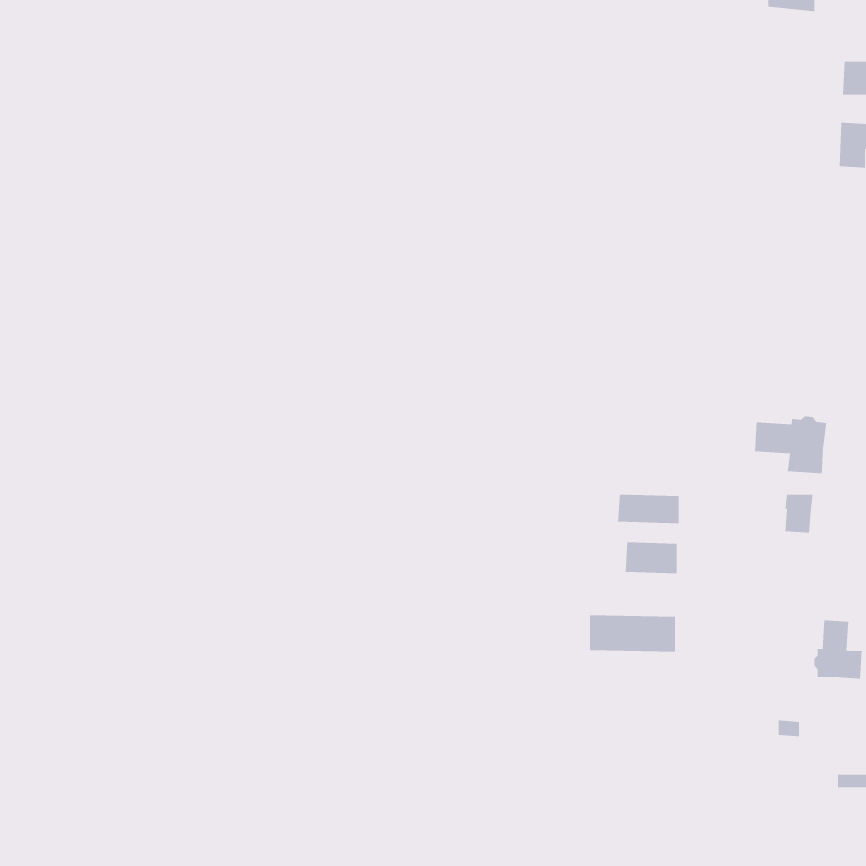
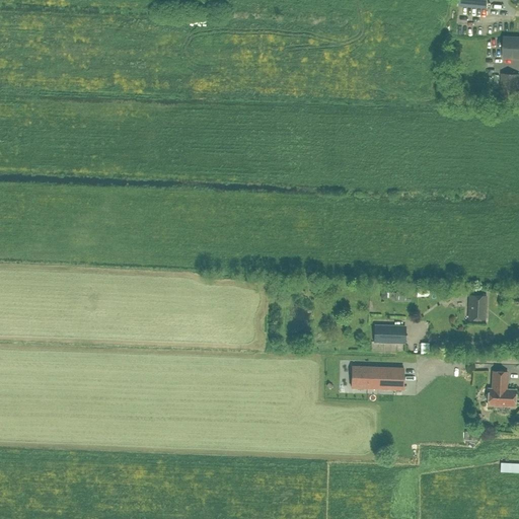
building: [754,416,827,474] -> none
building: [617,494,679,524] -> none

